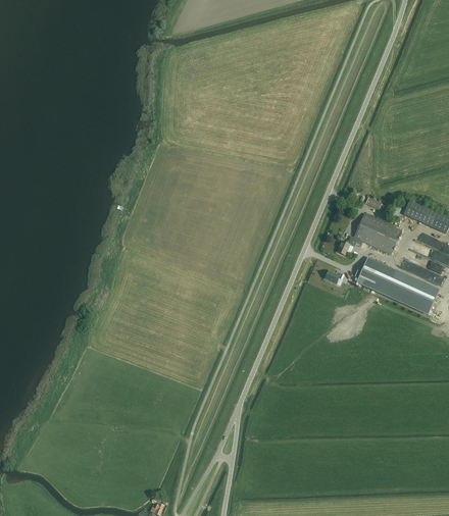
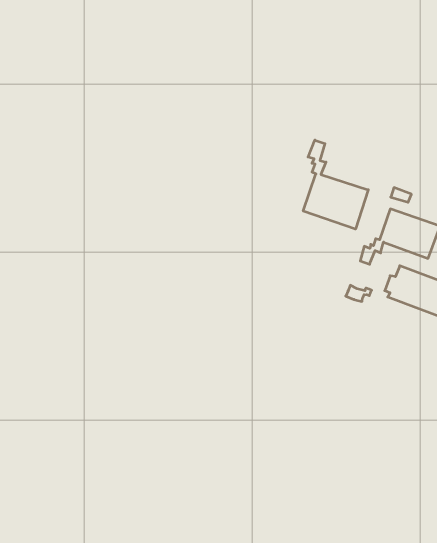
building: none -> [303,140,368,229]

